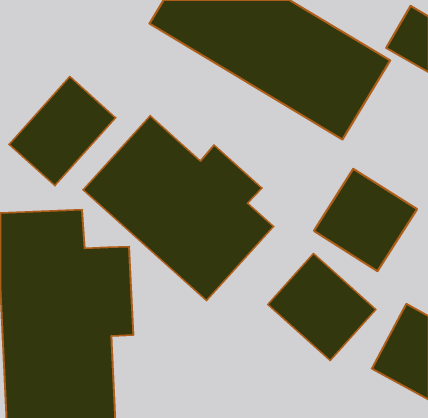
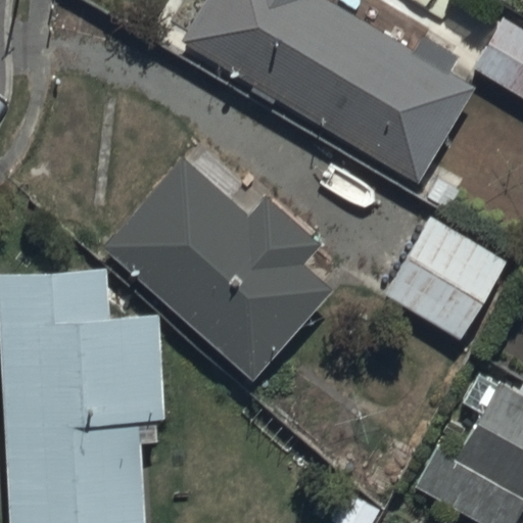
building: [9,77,116,186] -> none
building: [268,254,376,360] -> none

